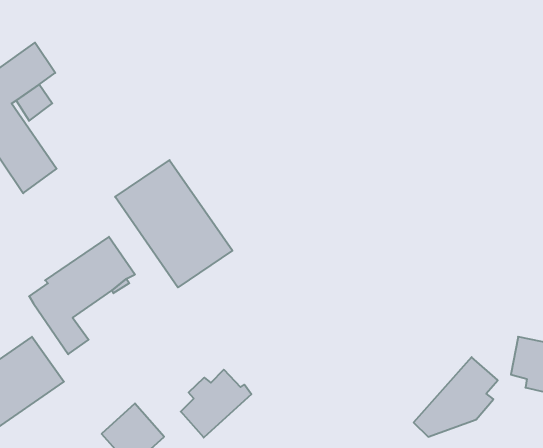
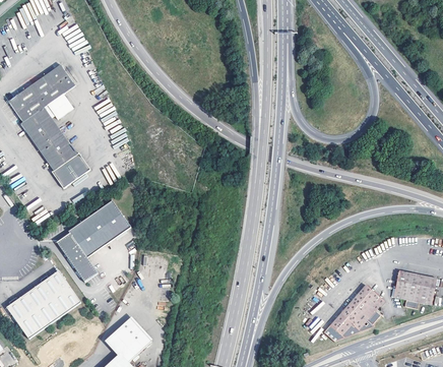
building: [115,160,232,287] -> none
building: none -> [50,152,88,188]
building: [181,370,251,438] -> none

